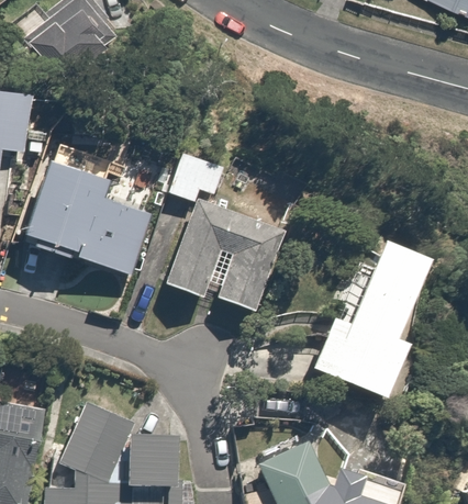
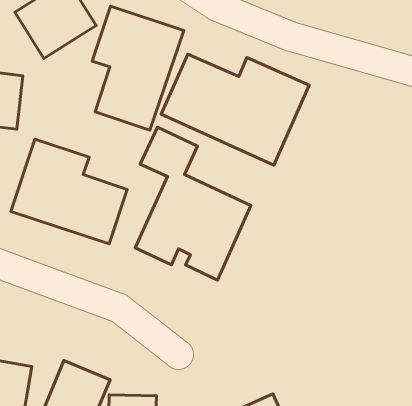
building: none -> [92,6,184,130]
building: none -> [161,54,309,165]
building: [312,246,435,404] -> none

